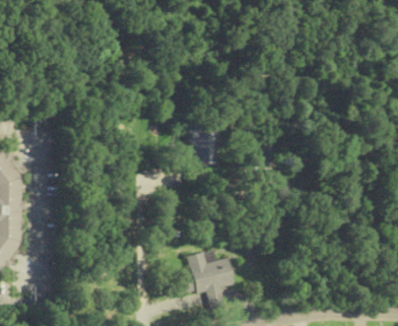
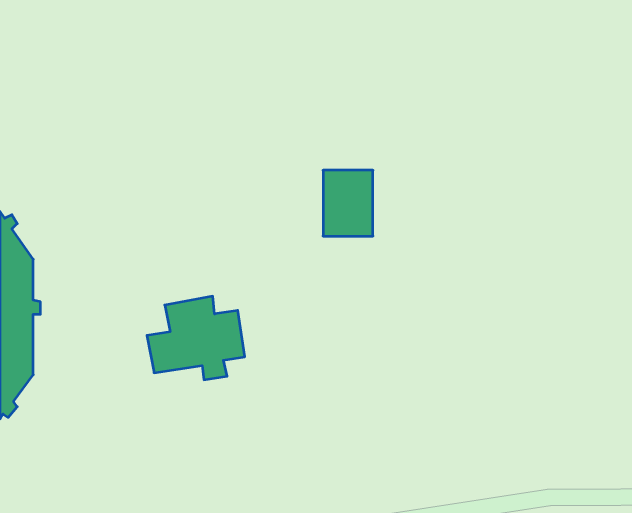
building: [176,250,231,298] -> [147,296,245,380]

